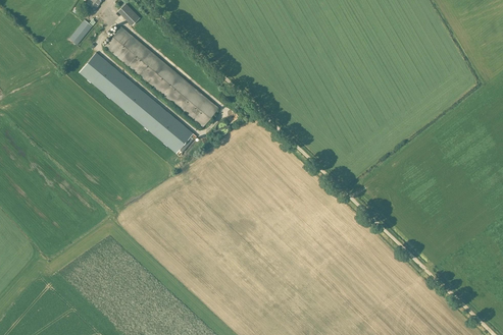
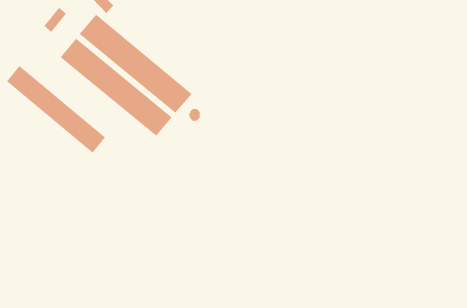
building: none -> [6,65,106,154]

